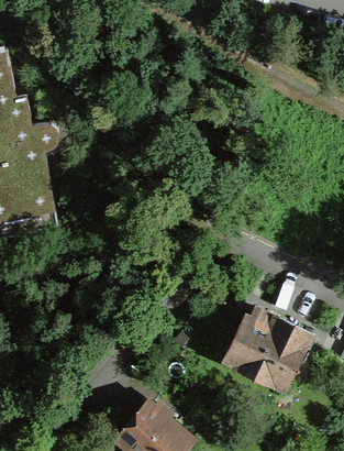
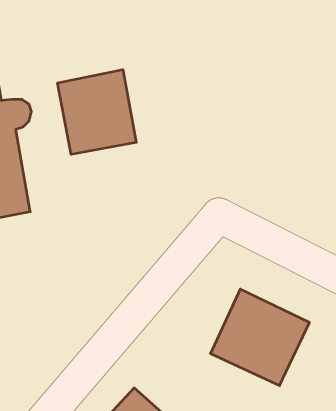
building: none -> [58,70,136,154]

